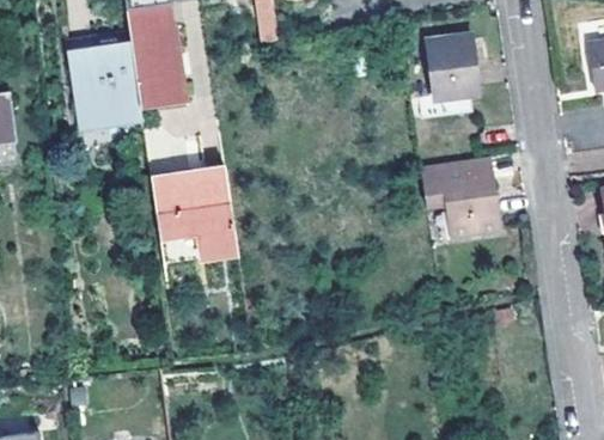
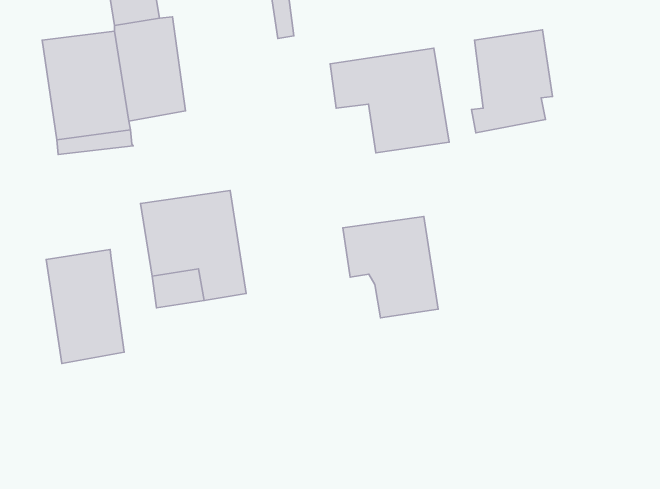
building: none -> [330,48,449,153]
building: [421,158,500,242] -> [343,216,438,318]
building: none -> [46,249,124,363]

